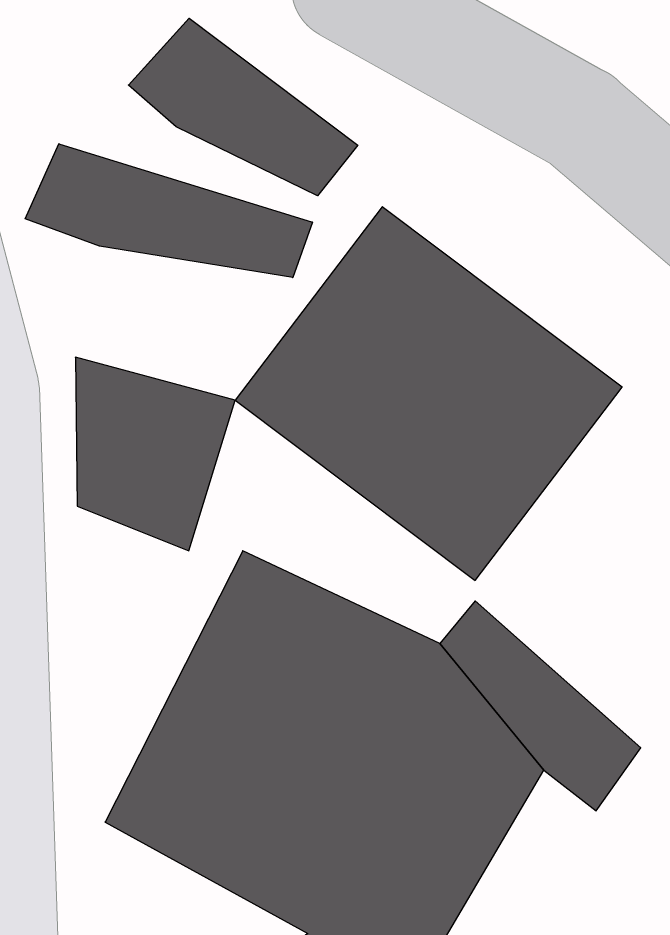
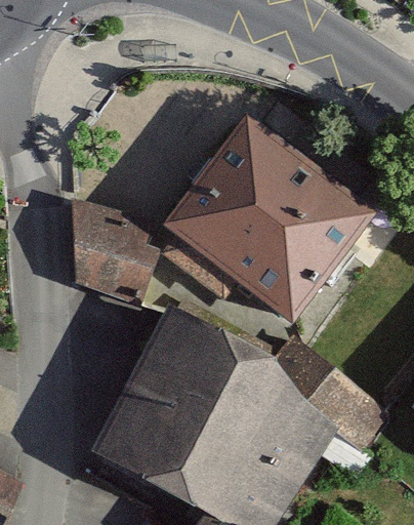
building: [128,18,358,196] -> none
building: [25,144,312,278] -> none

